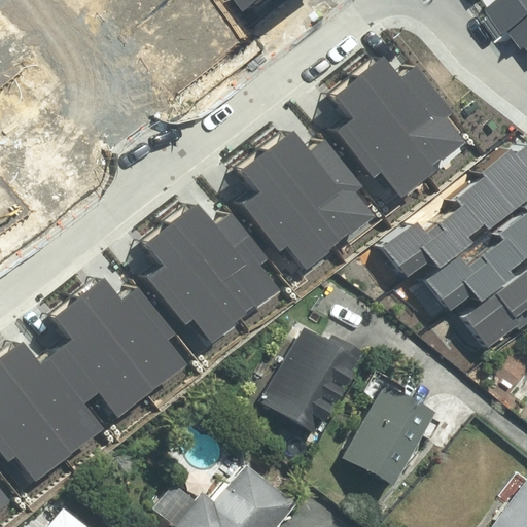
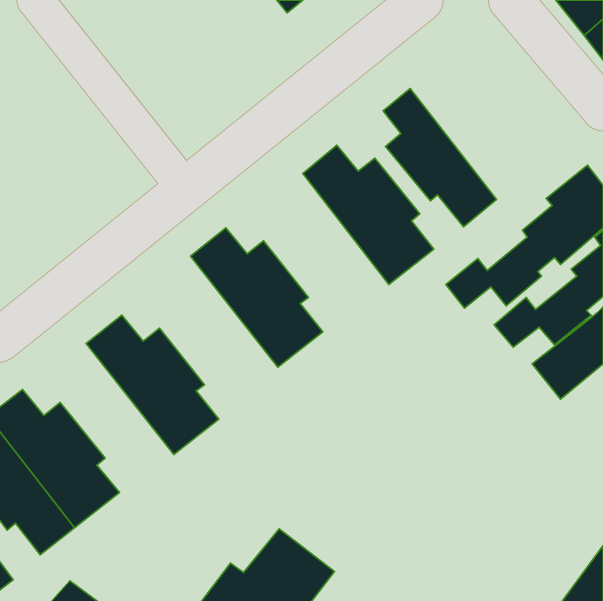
building: [357,55,471,176] -> none
building: [239,153,339,273] -> none
building: [142,225,242,346] -> none
building: [51,302,151,422] -> none
building: [256,326,359,433] -> none
building: [340,383,433,484] -> none

